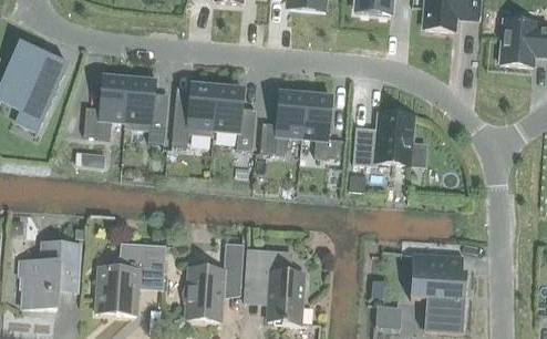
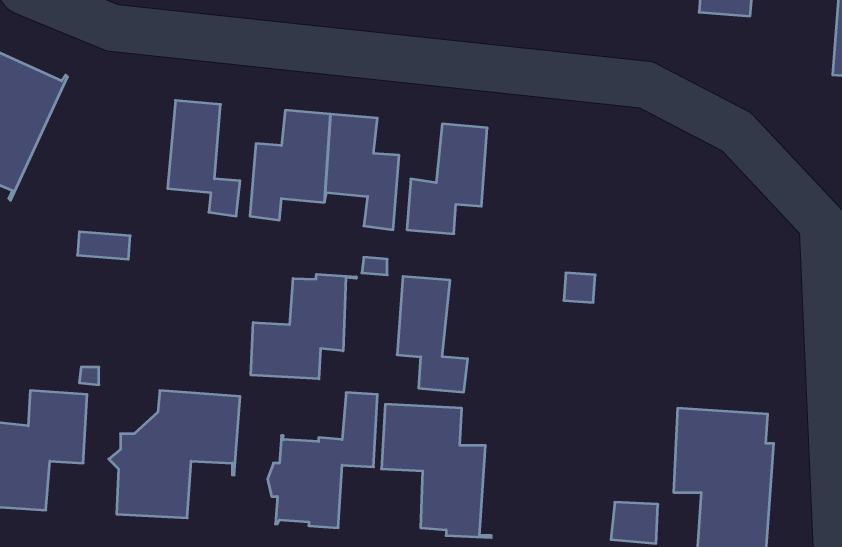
building: [84,76,130,138] -> none
building: [302,94,342,160] -> [397,276,468,392]
building: [353,113,414,166] -> none
building: none -> [251,274,356,379]

